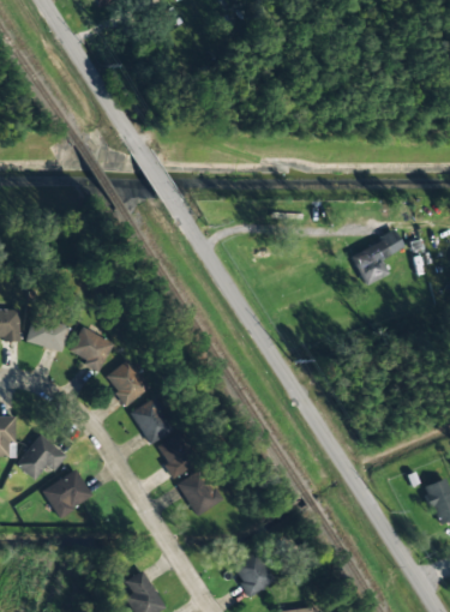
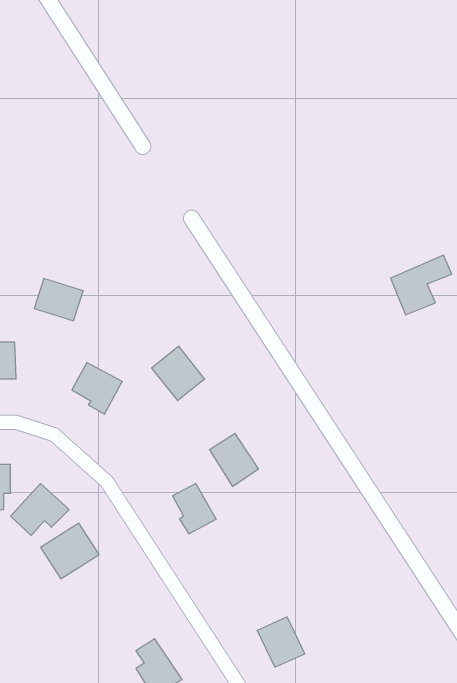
building: [26,314,70,352] -> [34,279,83,321]
building: [104,358,151,406] -> [152,346,205,401]
building: [131,397,174,444] -> [209,433,258,486]
building: [179,469,220,515] -> none

